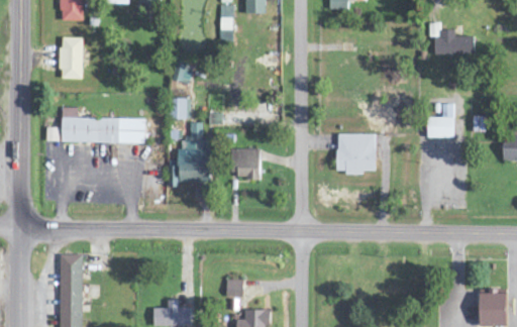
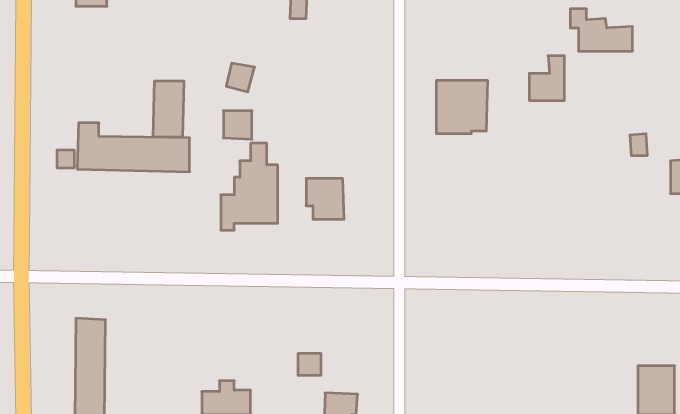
building: [61,37,84,79] -> [153,81,184,137]
building: [428,104,454,137] -> [529,56,564,100]
building: [337,133,376,173] -> [436,81,488,134]

